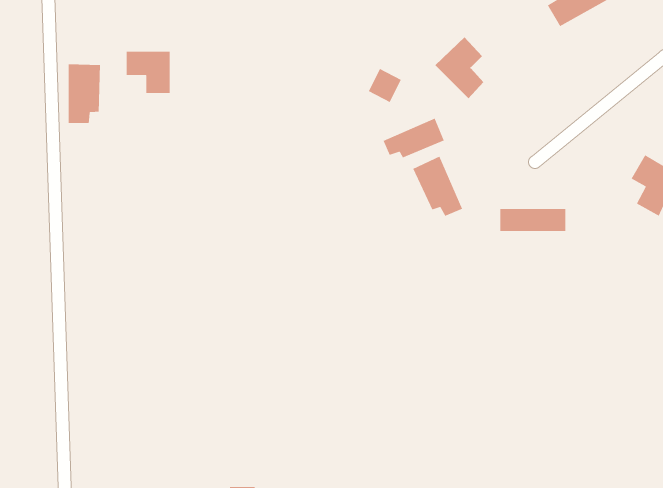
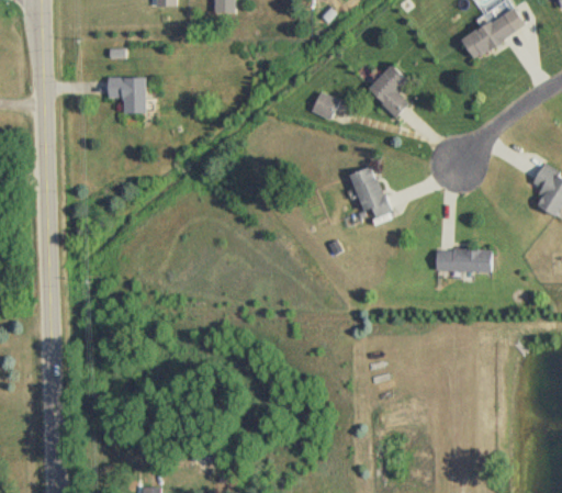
building: [68,64,101,124] -> none
building: [382,117,445,158] -> none
building: [499,208,566,232] -> [436,250,492,270]

